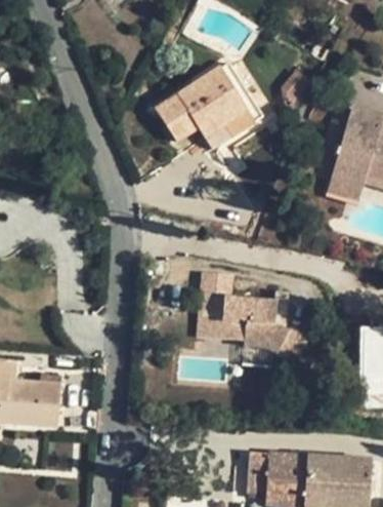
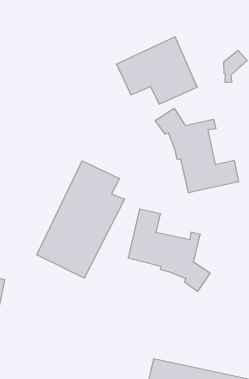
building: none -> [155,108,239,193]
building: none -> [37,161,124,278]

